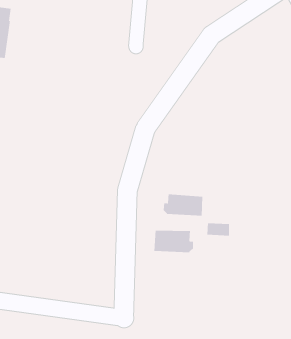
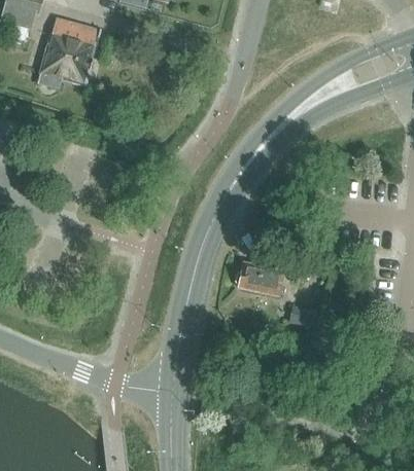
building: [154,230,194,253] -> none

